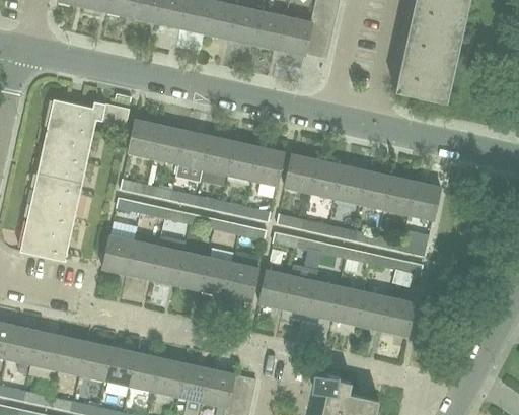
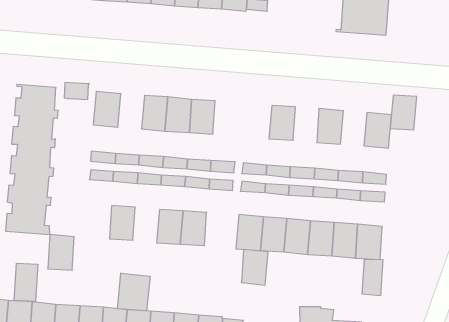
building: [152,124,184,163] -> none
building: [250,145,283,186] -> none
building: [284,152,316,193] -> none
building: [333,163,365,204] -> none
building: [382,175,415,214] -> [390,95,417,130]
building: [101,233,134,274] -> [48,235,74,270]
building: [151,245,183,285] -> none
building: [225,261,257,301] -> [241,249,268,285]
building: none -> [14,263,38,301]
building: none -> [118,273,150,311]
building: none -> [362,259,383,296]

